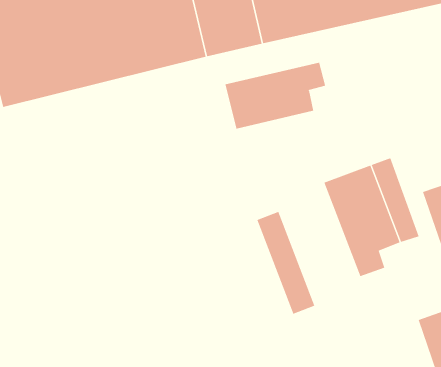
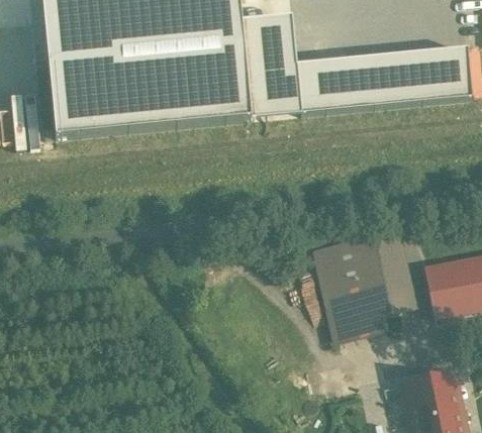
building: [225,62,326,130] -> none
building: [257,211,315,314] -> [316,242,359,338]

